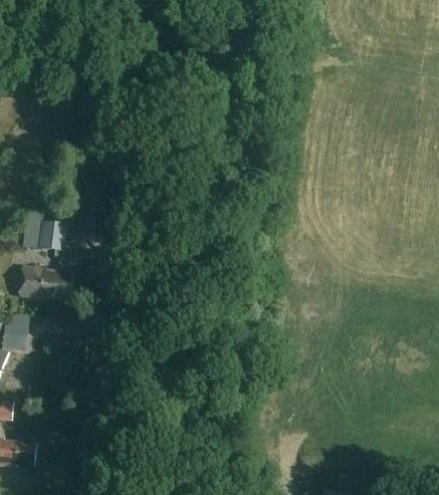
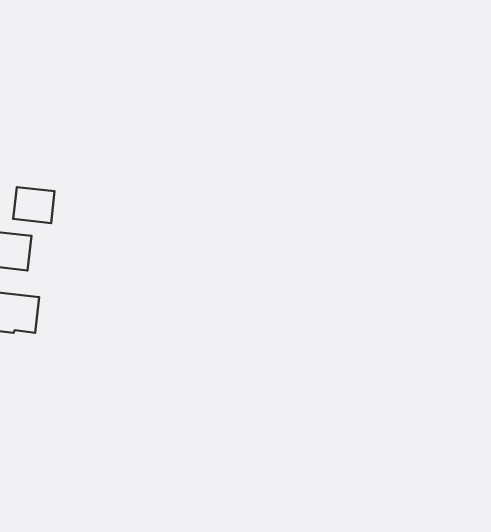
building: none -> [13,187,55,223]

